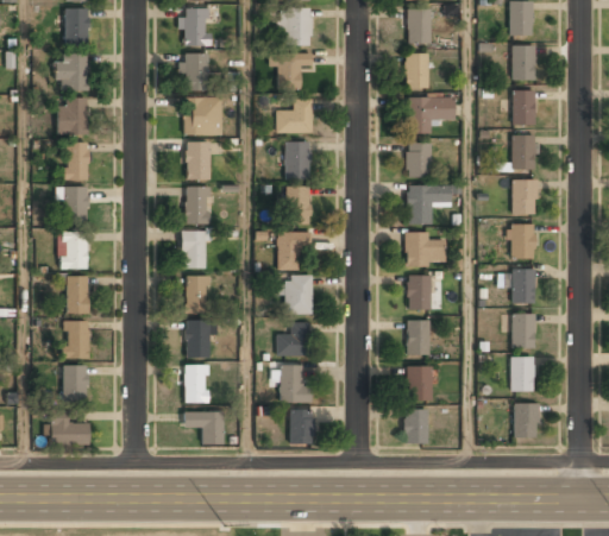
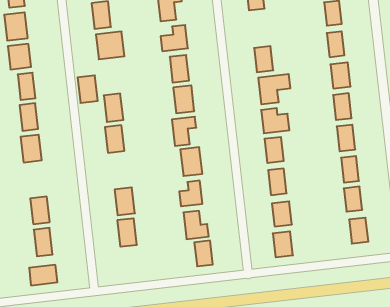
building: [409,99,453,135] -> none
building: [186,143,211,179] -> [78,75,98,103]
building: [67,276,88,314] -> none
building: [186,277,207,314] -> none
building: [184,411,224,446] -> none

